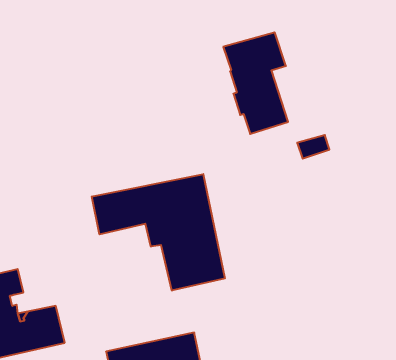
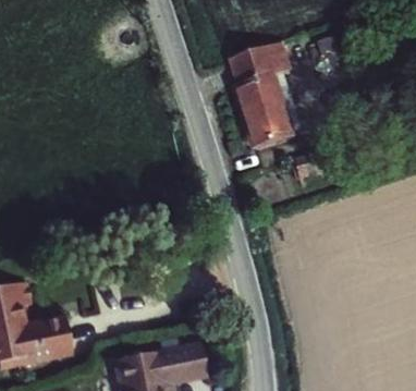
building: [92,174,225,291] -> none

